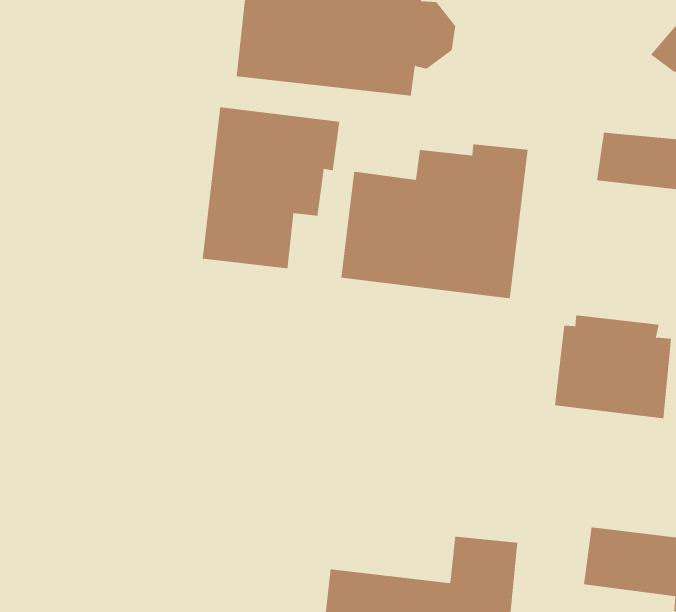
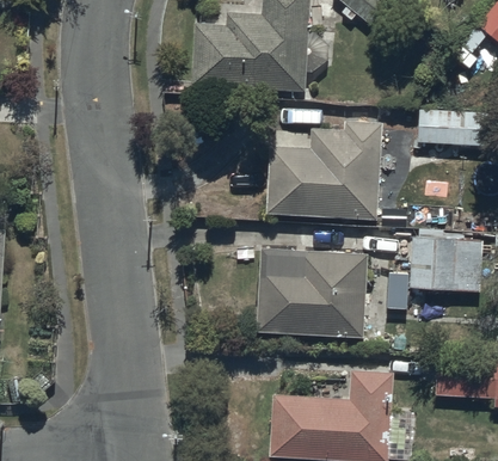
building: [202,107,340,269] -> none
building: none -> [258,252,367,339]

